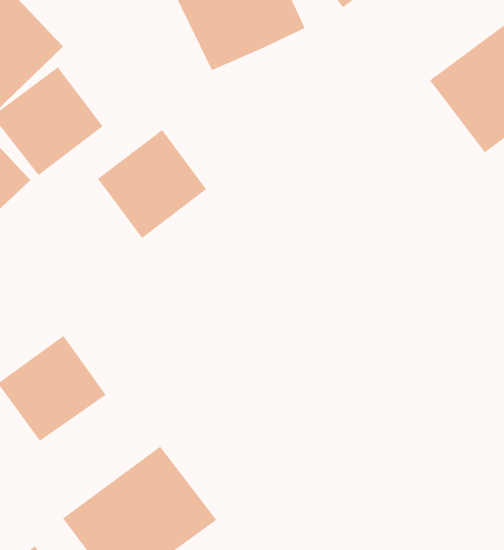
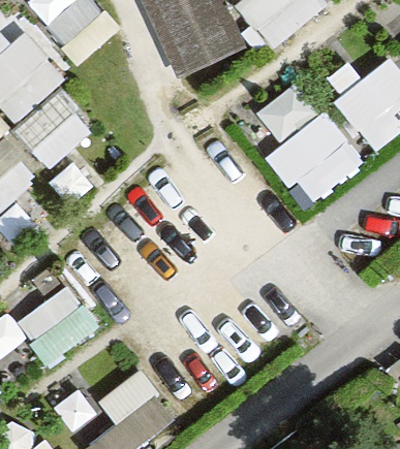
building: none -> [249,81,365,202]
building: [97,129,207,239] -> none

